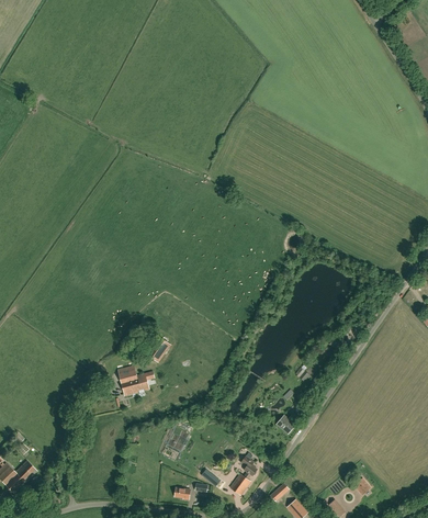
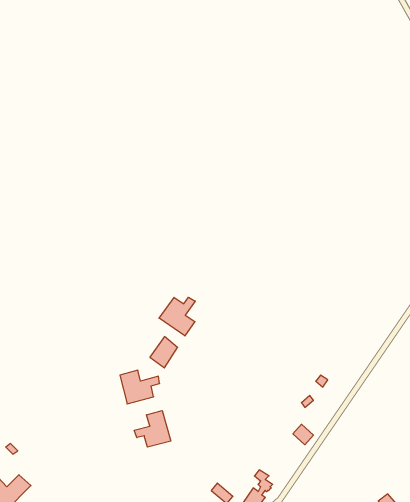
building: none -> [159,297,195,336]
building: none -> [134,411,171,447]

